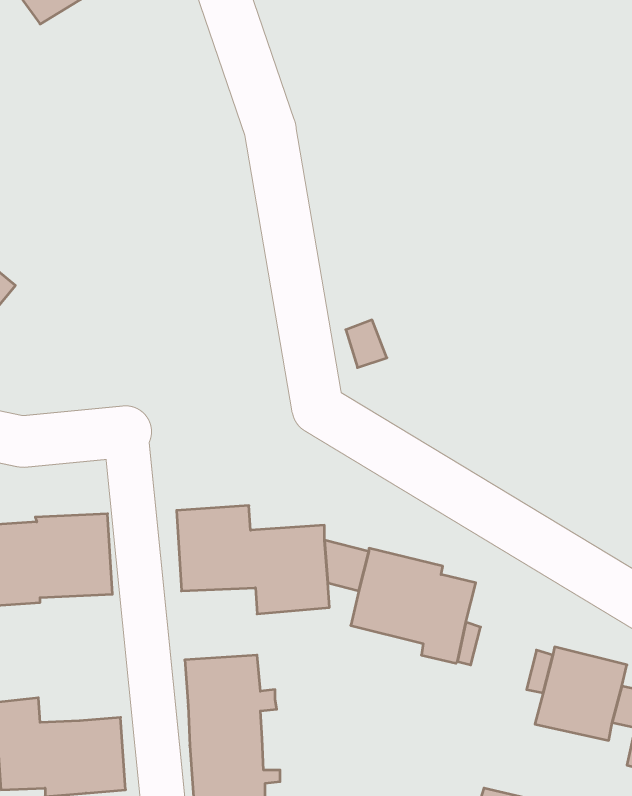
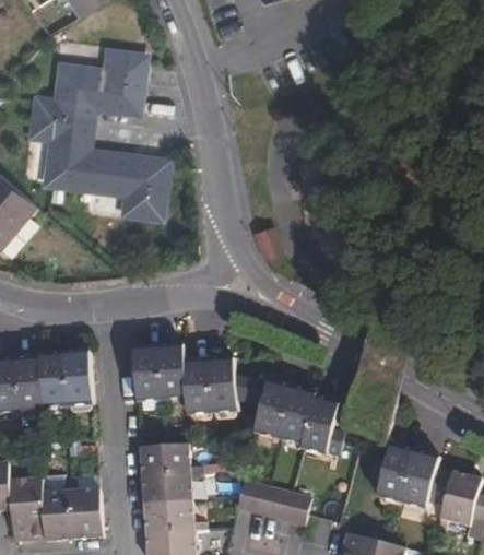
building: none -> [27,49,161,211]
building: none -> [232,486,303,527]

